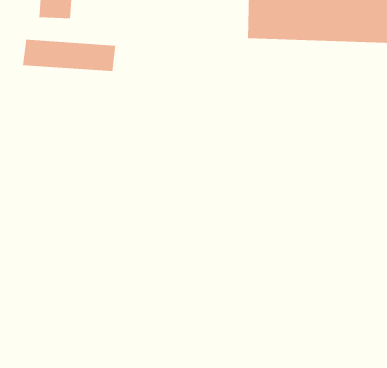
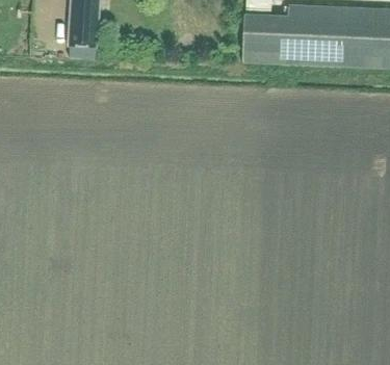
building: [23,39,116,72] -> none

